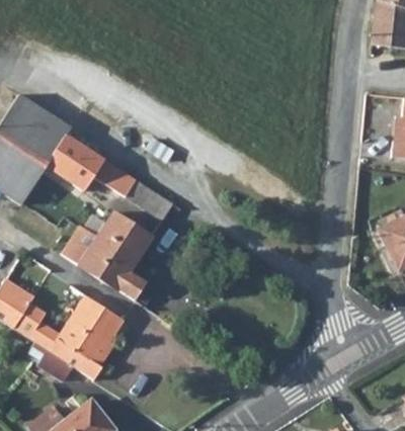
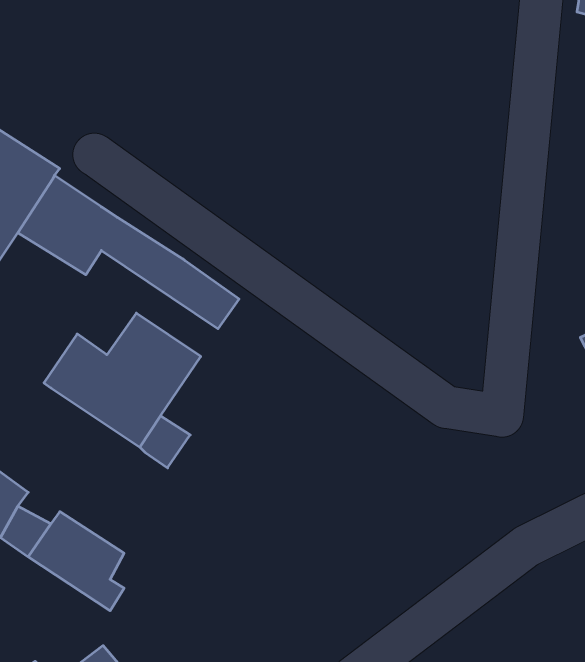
building: [71,303,127,354] -> none

